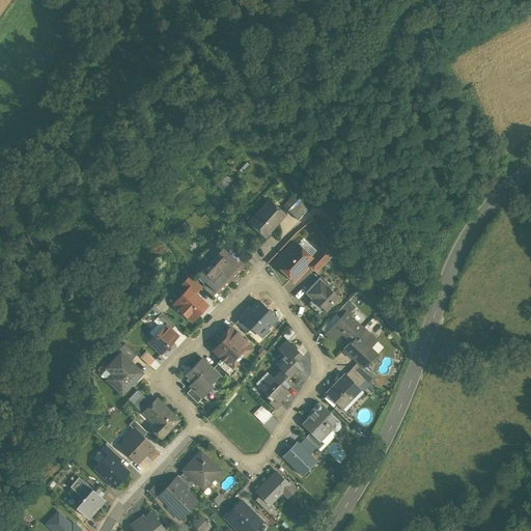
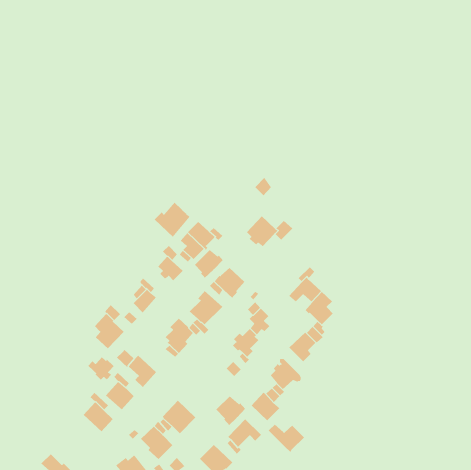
building: [249,201,283,236] -> none
building: none -> [154,202,190,238]
building: [305,279,339,317] -> none
building: none -> [194,249,223,279]
building: none -> [88,357,114,381]
building: none -> [216,395,246,426]
building: [69,477,104,519] -> none
building: none -> [268,424,305,453]

